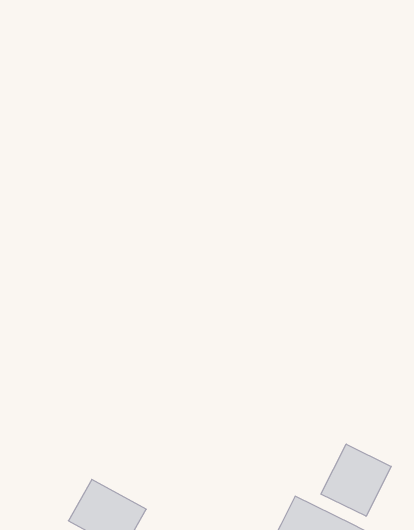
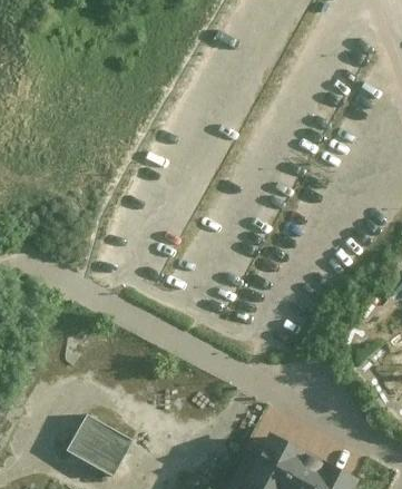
building: [321,444,391,516] -> none

